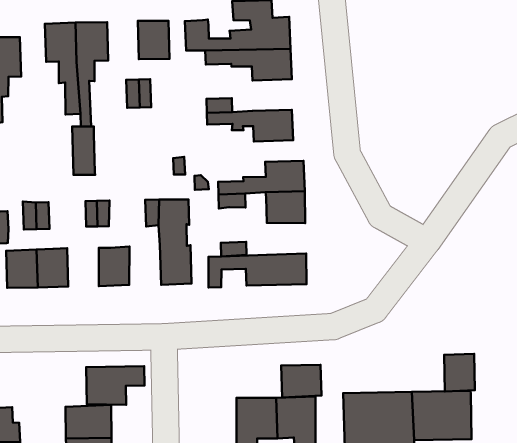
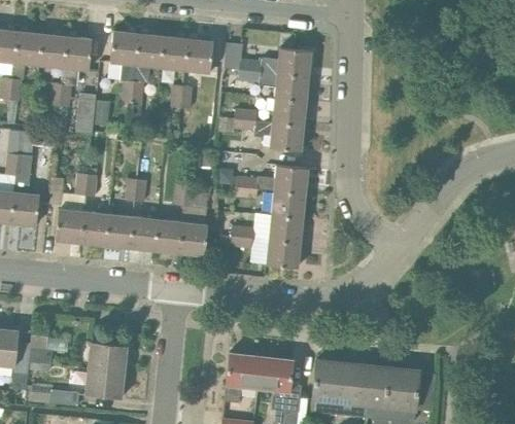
building: none -> [161,36,188,69]
building: none -> [272,98,307,126]
building: [72,126,95,175] -> [75,93,97,134]
building: none -> [269,214,303,243]
building: none -> [154,219,183,253]
building: none -> [105,214,134,248]
building: [444,354,475,391] -> none
building: [281,365,322,398] -> none
building: [86,366,144,405] -> none

